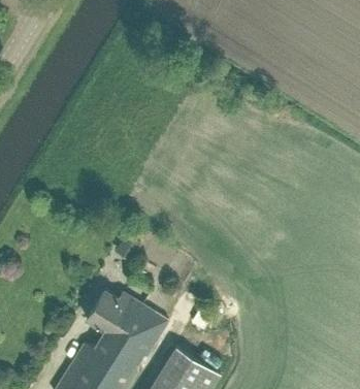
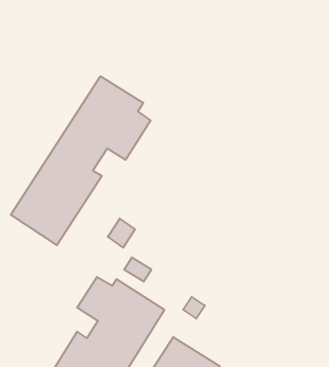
building: none -> [11,76,151,245]

